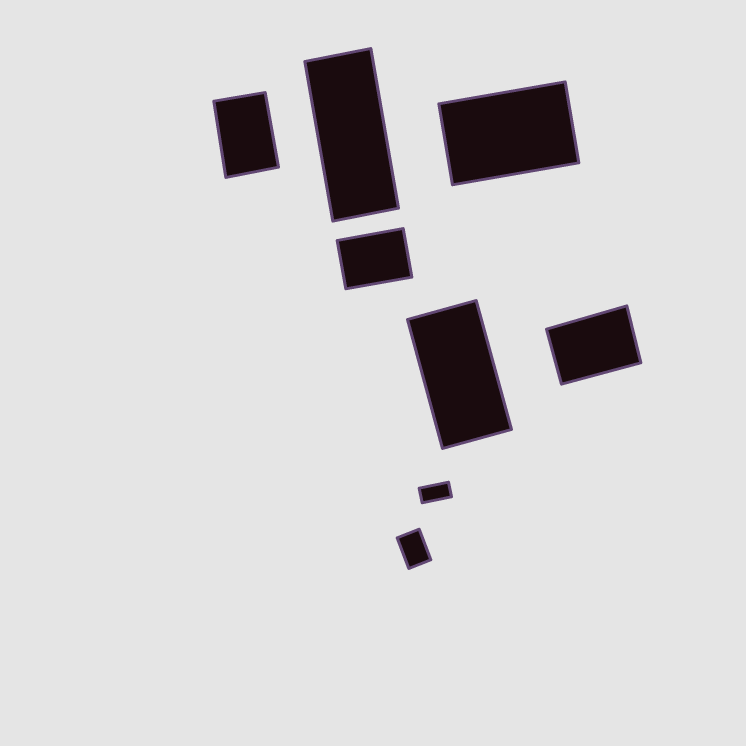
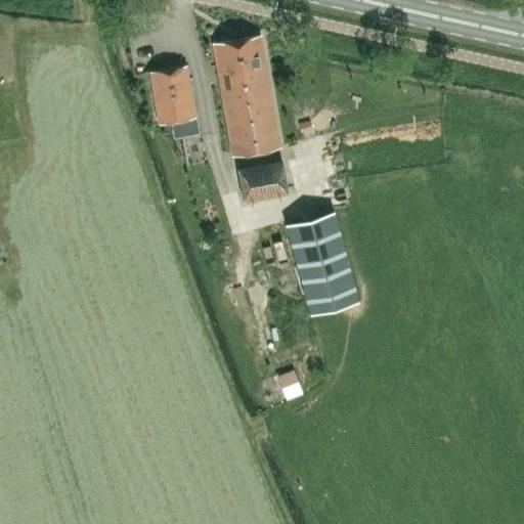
building: [439,82,579,185] -> none
building: [546,306,641,384] -> none

